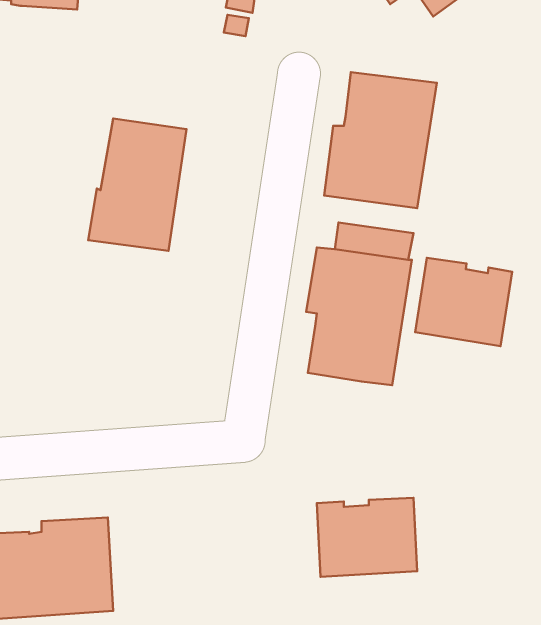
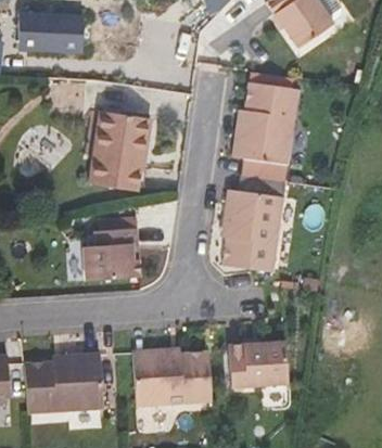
building: [415,258,512,346] -> none
building: none -> [82,227,141,279]
building: none -> [132,346,214,406]

